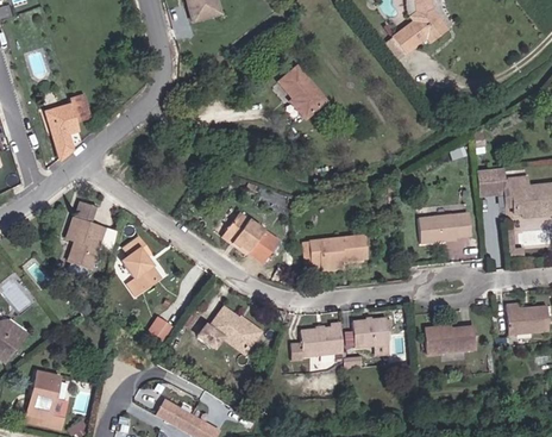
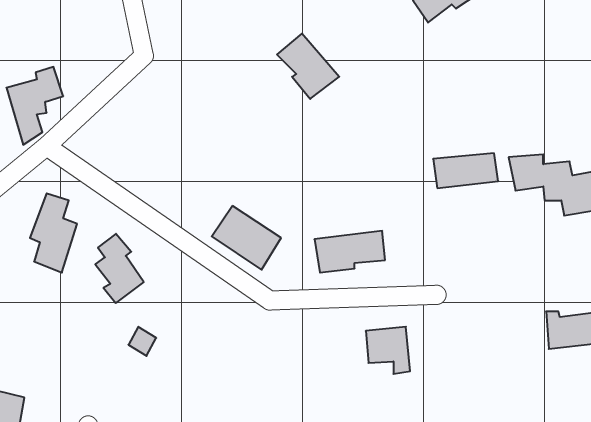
building: [416,213,472,243] -> [433,153,498,188]
building: [196,306,264,357] -> none
building: [422,324,477,356] -> none
building: [290,325,344,360] -> none

